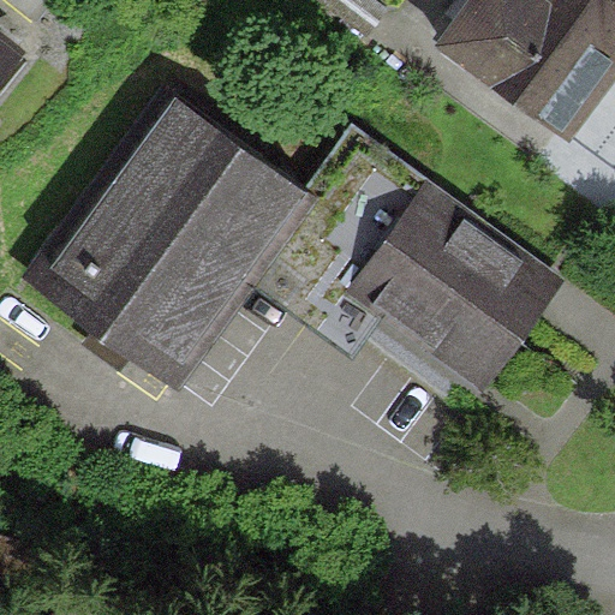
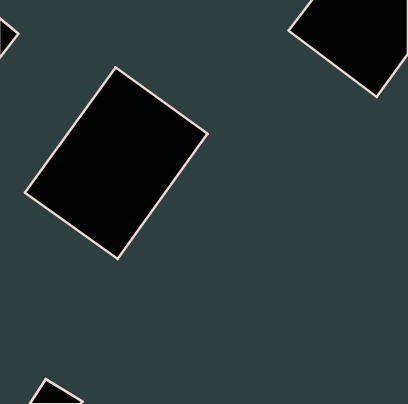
building: [344,177,565,389] -> none

